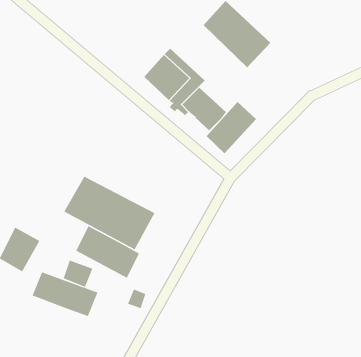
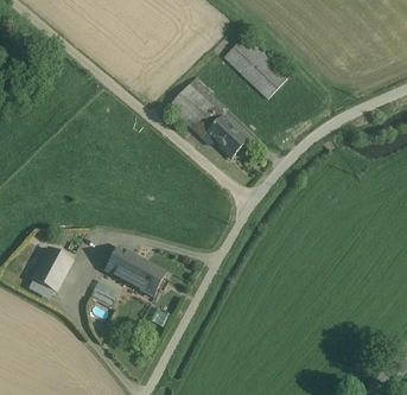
building: [206,101,257,154] -> none
building: [64,176,155,250] -> none
building: [32,271,98,317] -> none

